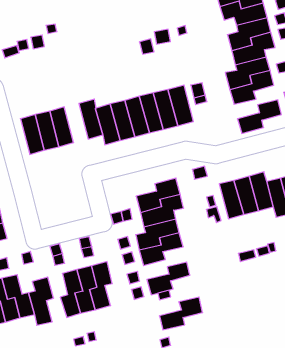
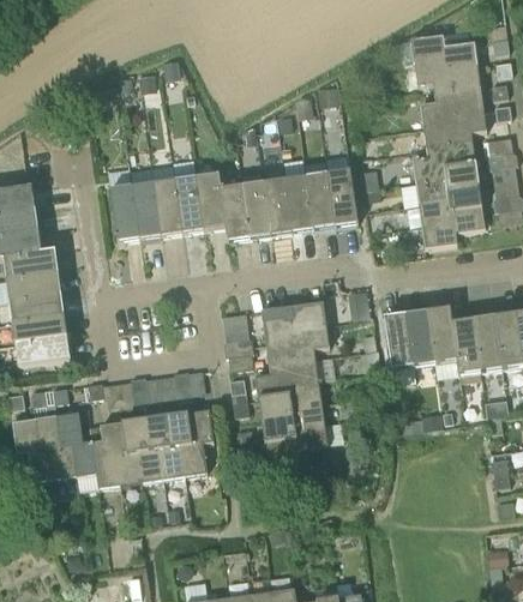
building: none -> [417,183,481,225]
building: none -> [174,176,203,231]
building: none -> [115,417,146,484]
building: [159,297,203,330] -> [260,399,323,440]

